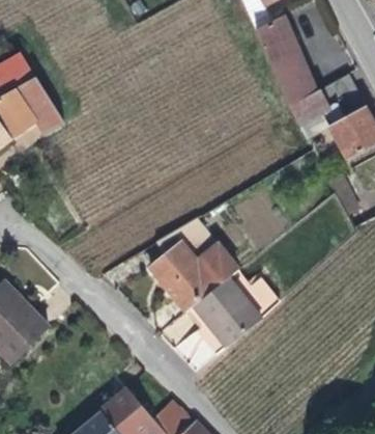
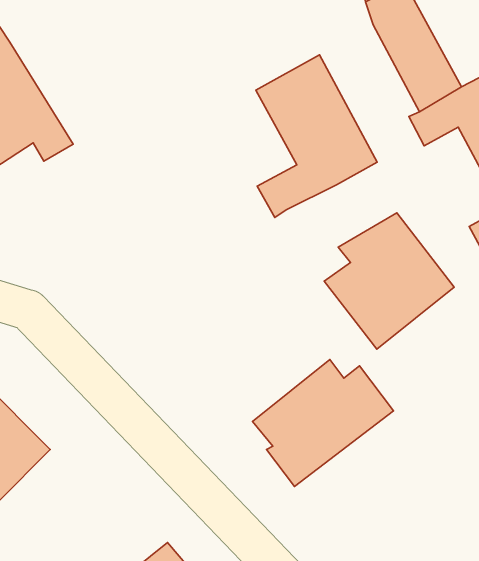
building: none -> [256,55,377,217]
building: [149,219,236,310] -> [324,213,454,349]

